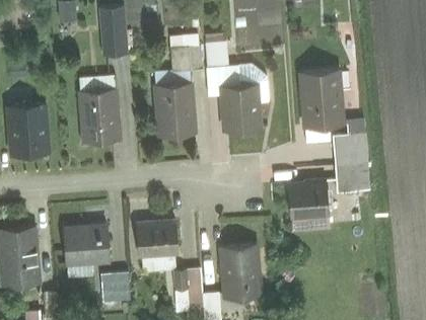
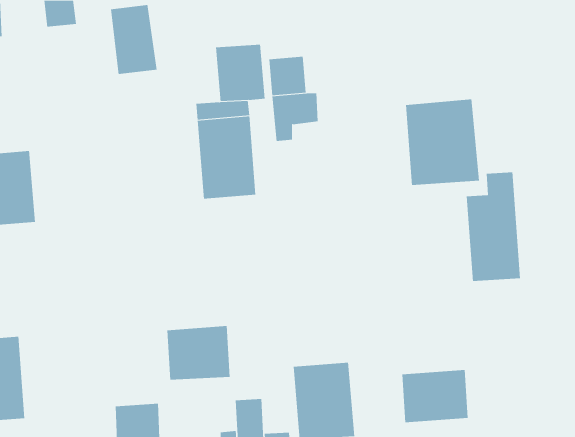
building: [76,80,121,143] -> none
building: [219,84,262,132] -> none
building: [289,182,334,218] -> [402,369,468,423]
building: [60,227,113,264] -> none

